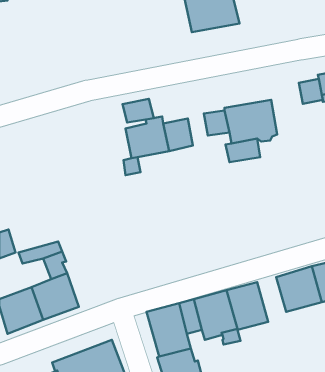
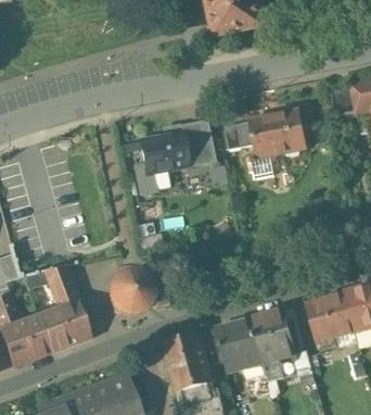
building: [122,99,154,123] -> none
building: none -> [107,274,149,314]

